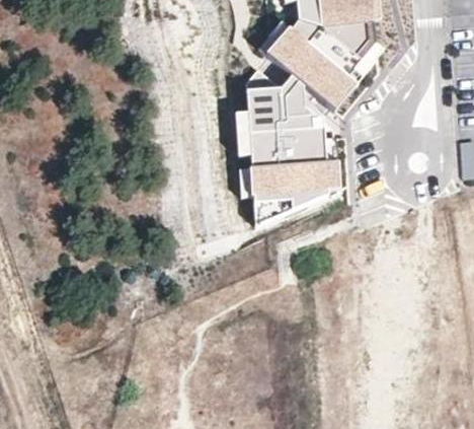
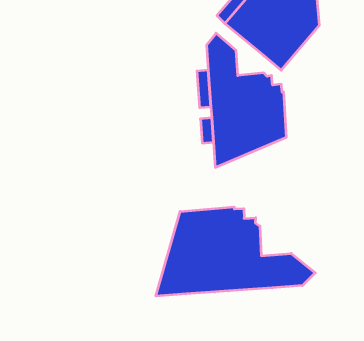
building: none -> [156,207,315,296]

